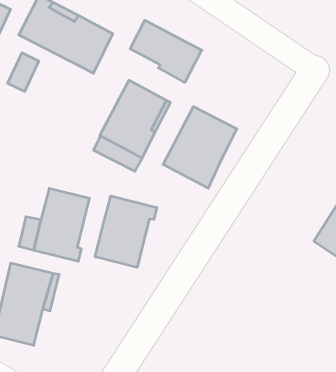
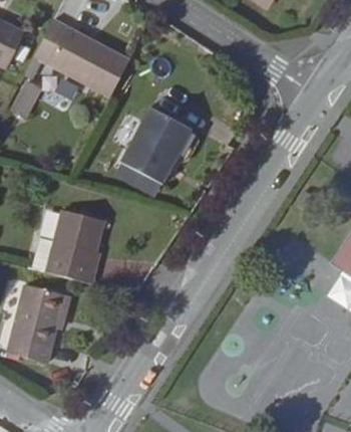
building: [130,20,202,82] -> none
building: [163,107,237,188] -> none
building: [95,196,157,267] -> none

